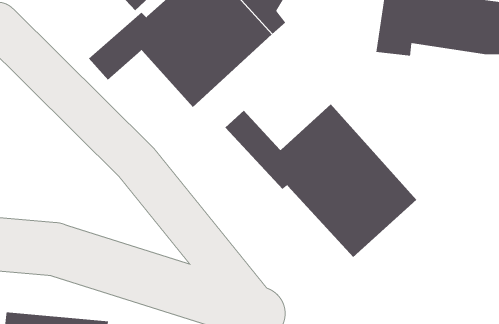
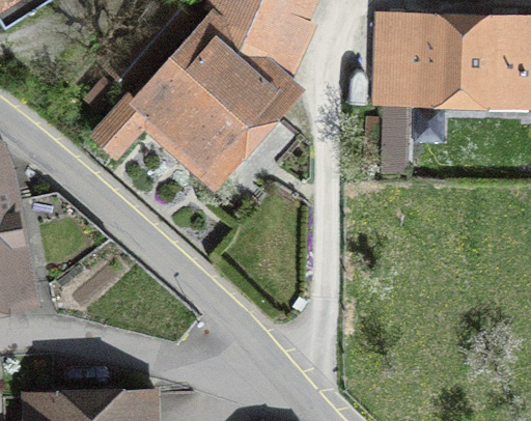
building: [225,103,417,258] -> none

